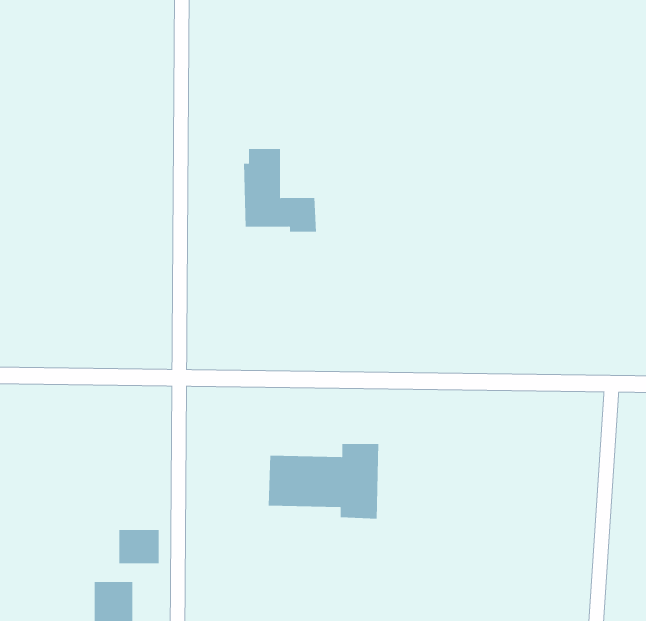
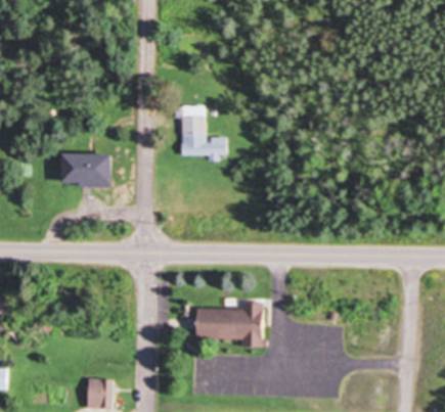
building: none -> [61,155,110,188]
building: [119,529,159,564] -> none

